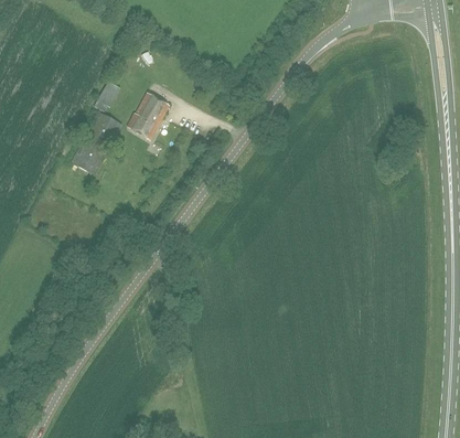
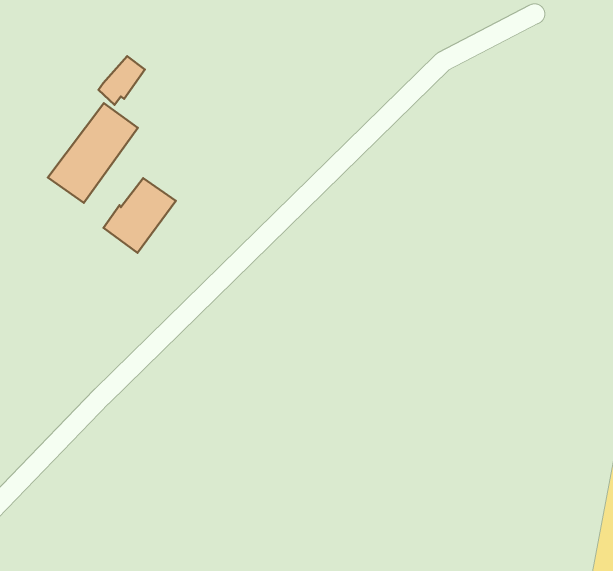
building: [128,93,170,139] -> [103,178,176,253]

